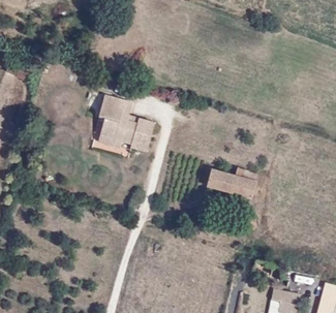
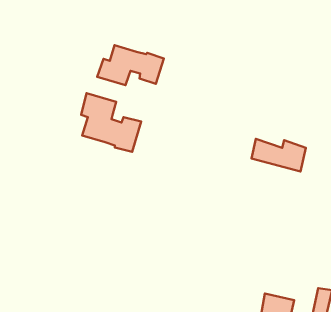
building: none -> [97,45,164,85]
building: [207,166,258,197] -> [252,139,306,172]

